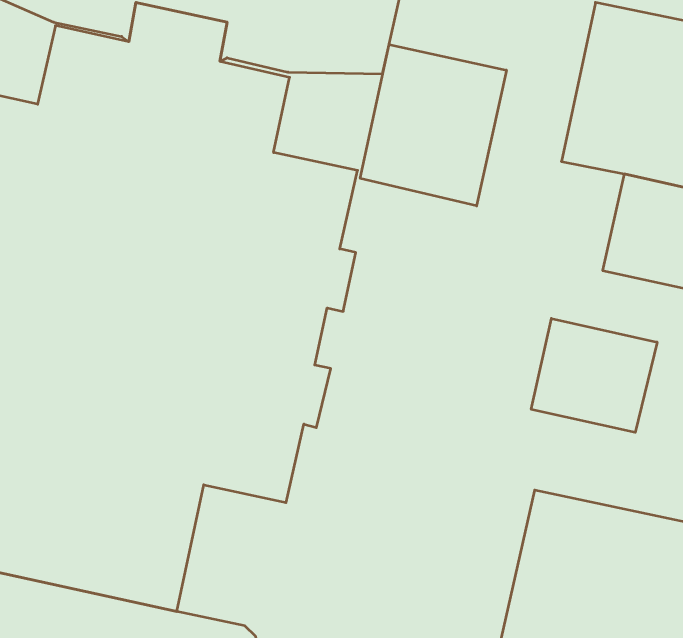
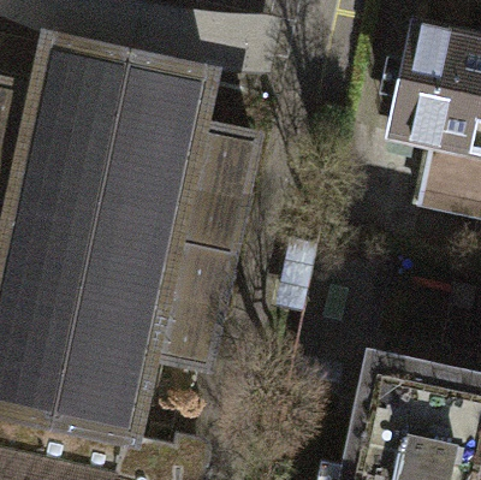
building: [360,45,506,206] -> none
building: [531,318,657,432] -> none

